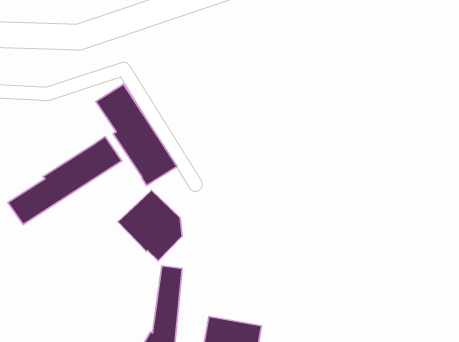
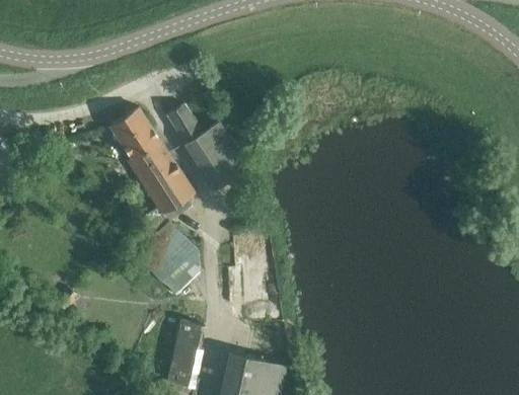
building: none -> [167,103,247,188]
building: [8,136,122,225] -> none

